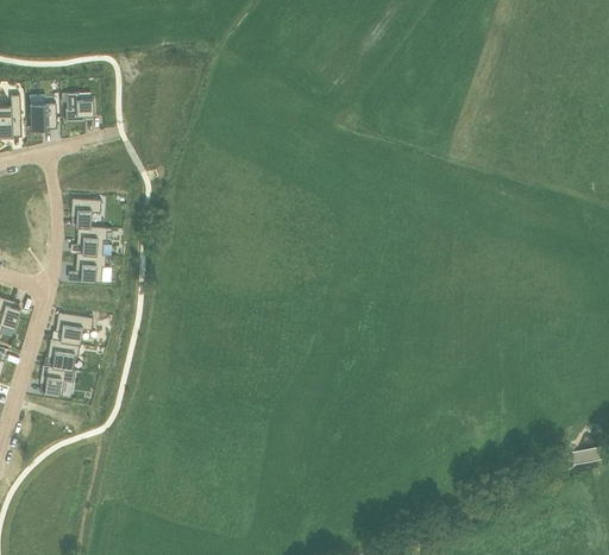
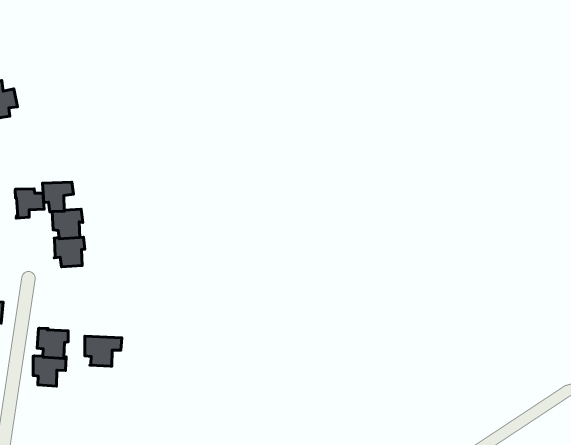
building: [65,93,94,122] -> none
building: none -> [15,189,44,218]
building: [56,313,94,345] -> [85,336,122,366]

